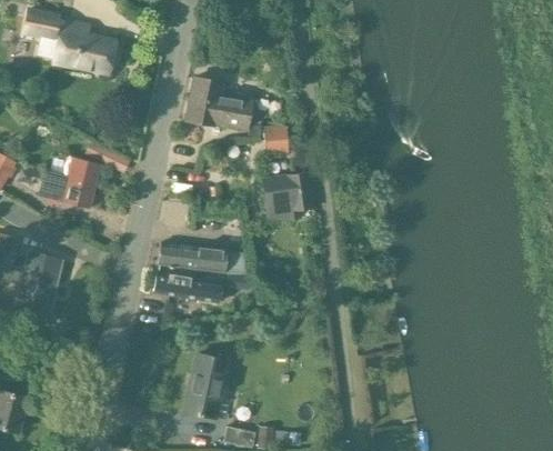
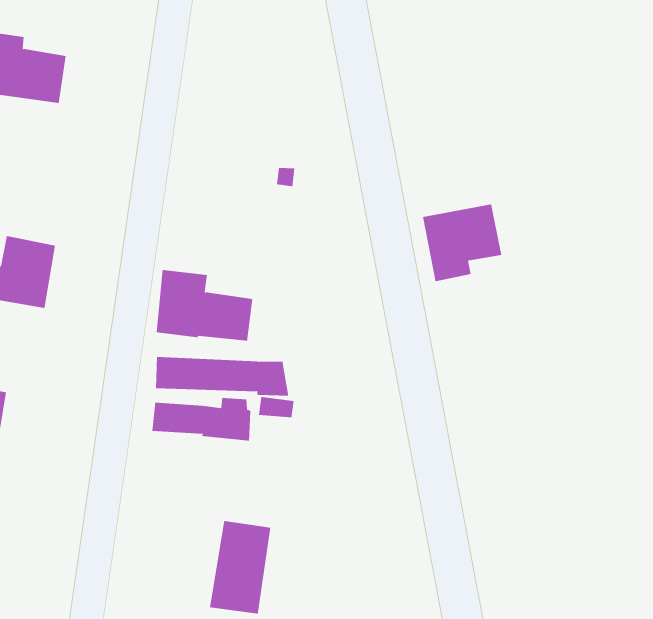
building: [187,78,252,129] -> [156,270,253,341]
building: [263,126,290,156] -> none
building: [263,173,314,222] -> [422,204,502,282]

